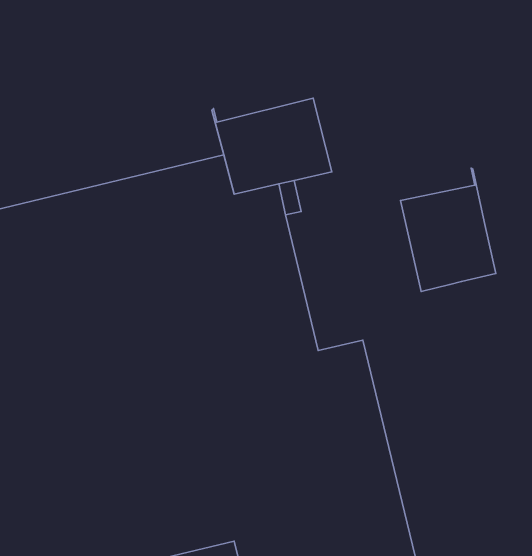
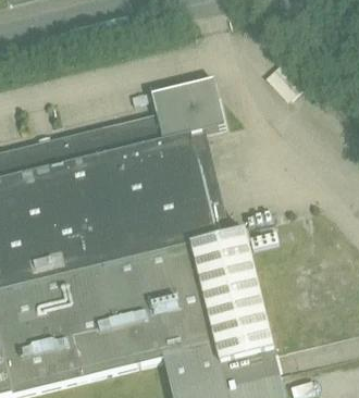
building: [401,168,496,291] -> none

